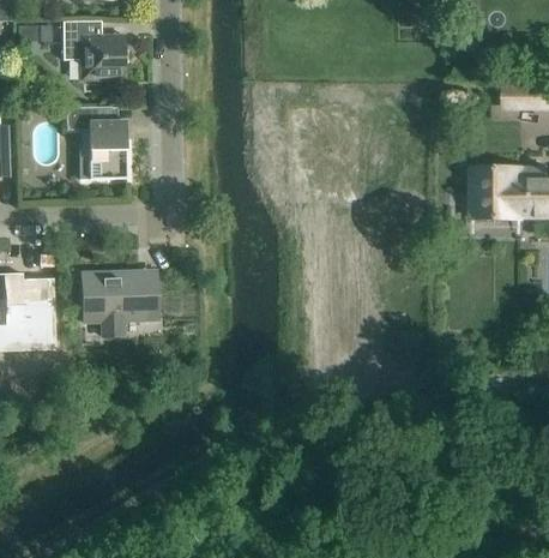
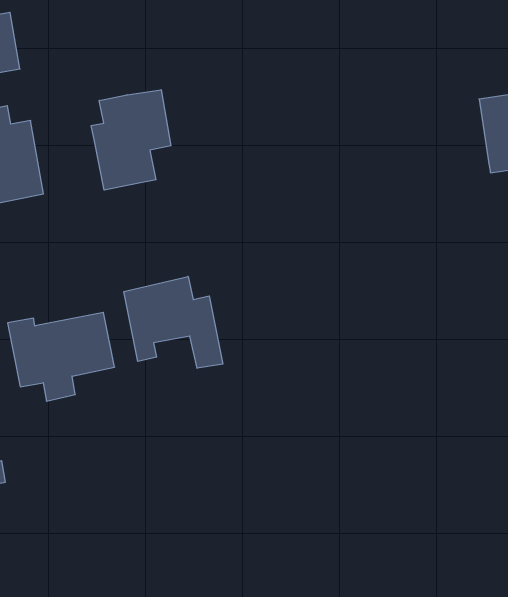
building: none -> [91,90,171,190]
building: none -> [124,276,223,368]

